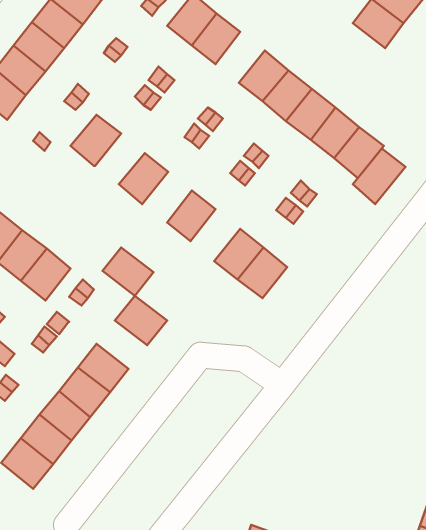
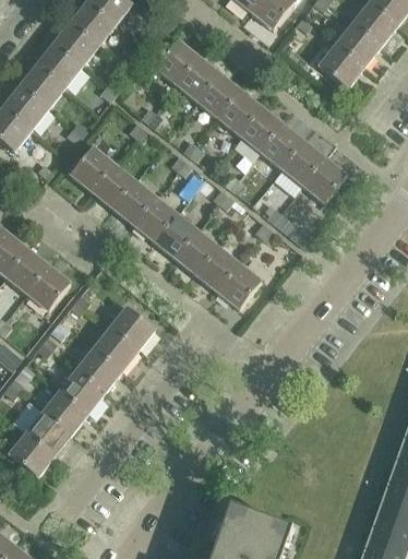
building: none -> [197,74,241,119]
building: none -> [92,164,135,209]
building: [353,149,405,204] -> none
building: none -> [133,198,177,242]
building: none -> [176,230,219,276]
building: [103,247,153,296] -> [93,329,137,371]

